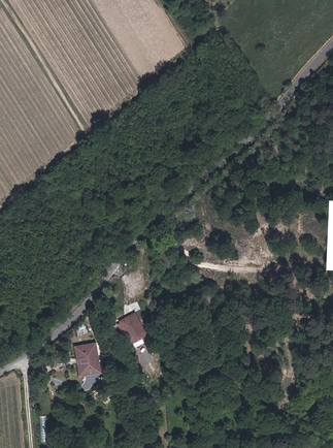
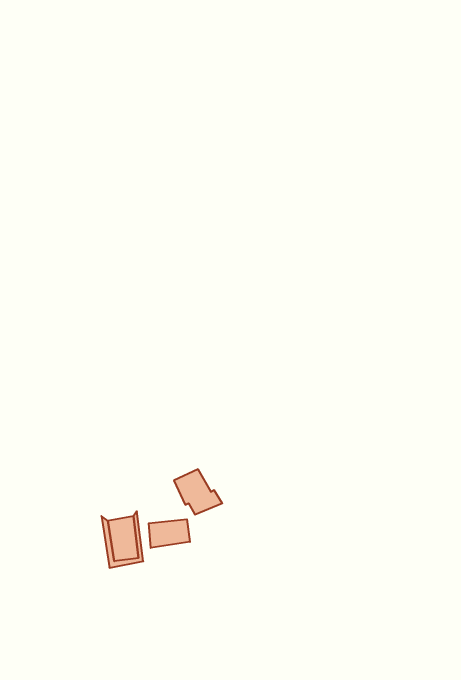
building: none -> [149,519,190,548]

